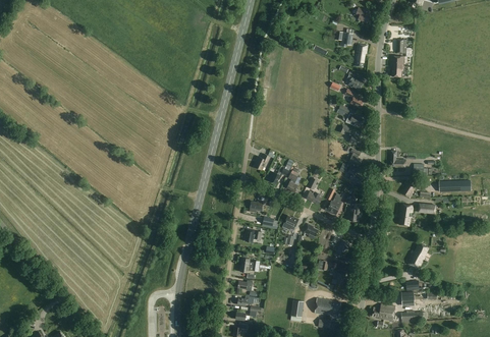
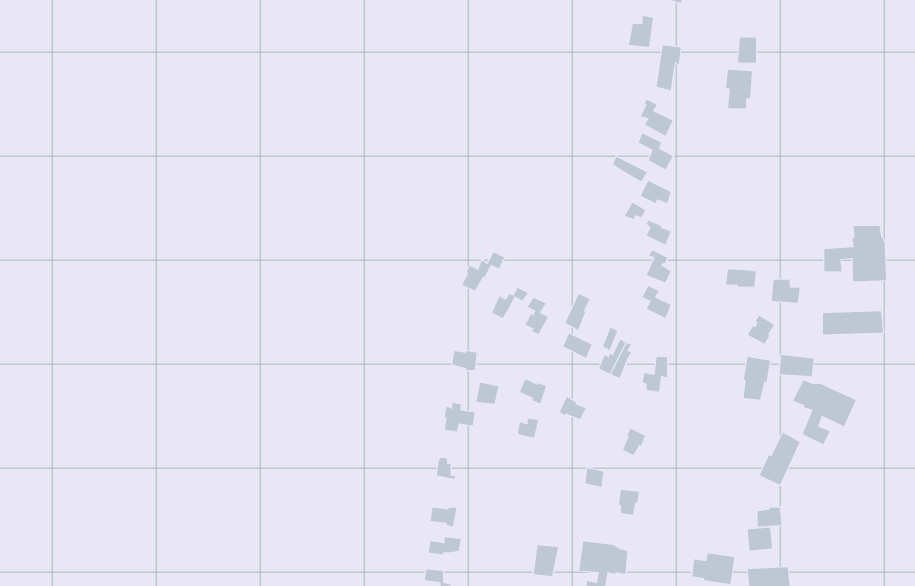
building: none -> [824,225,886,282]
building: none -> [792,380,856,445]

